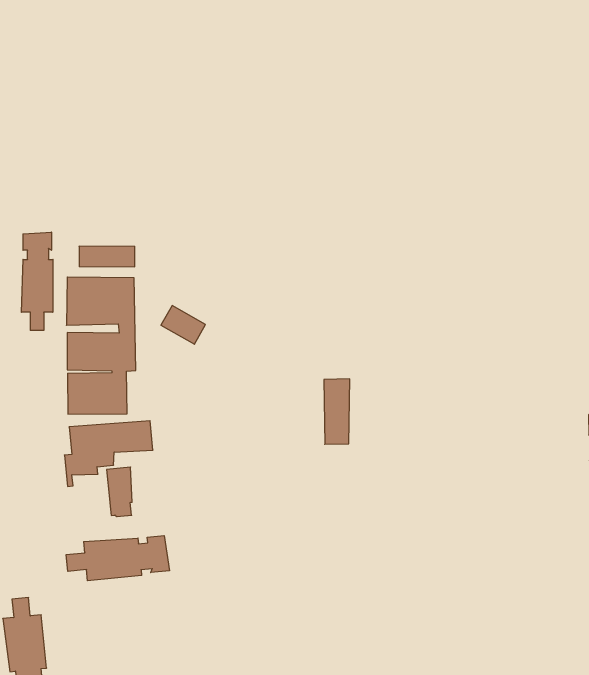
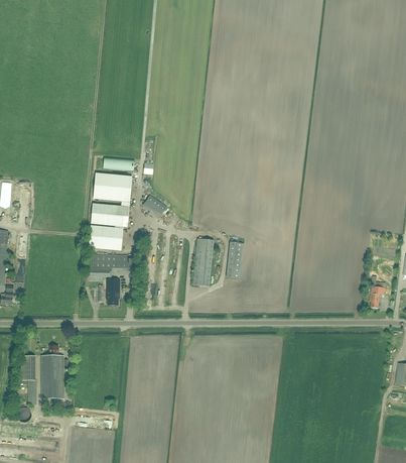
building: [21,232,53,330] -> none
building: none -> [192,238,213,286]
building: [66,536,169,581] -> none

